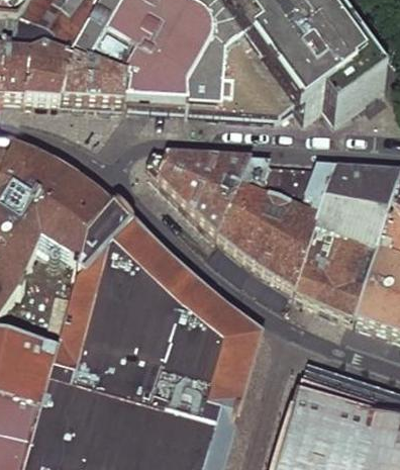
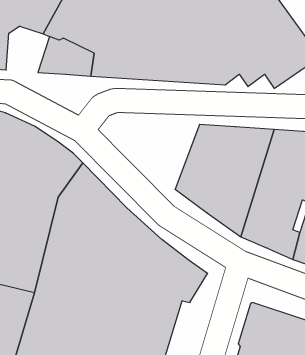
building: [30,50,80,103] -> none
building: [155,156,253,238] -> none

